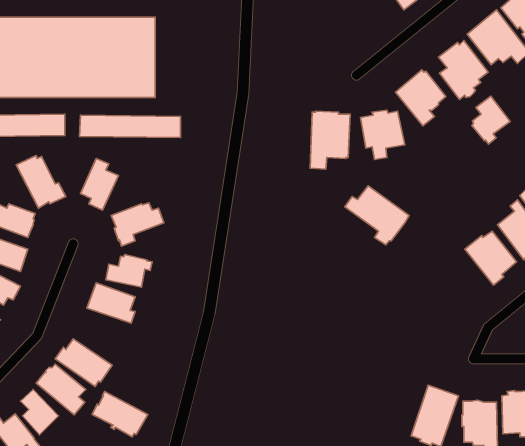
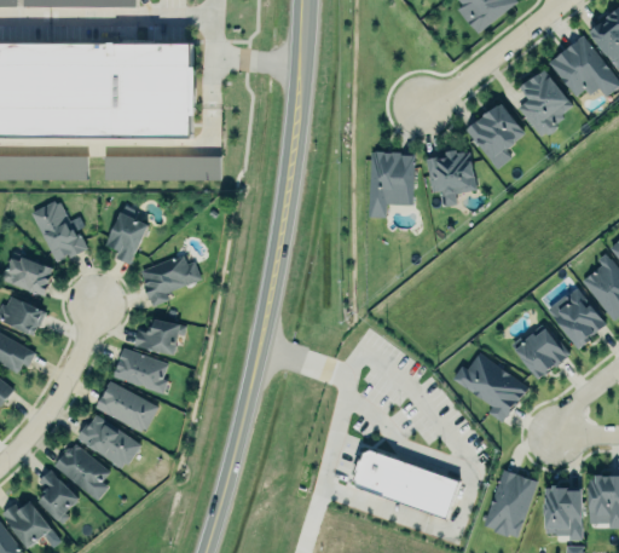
building: [472,96,510,144] -> none
building: [345,186,409,245] -> [455,352,528,420]
building: none -> [514,326,569,381]
building: none -> [349,449,458,524]
building: [92,391,148,437] -> [96,379,160,431]

